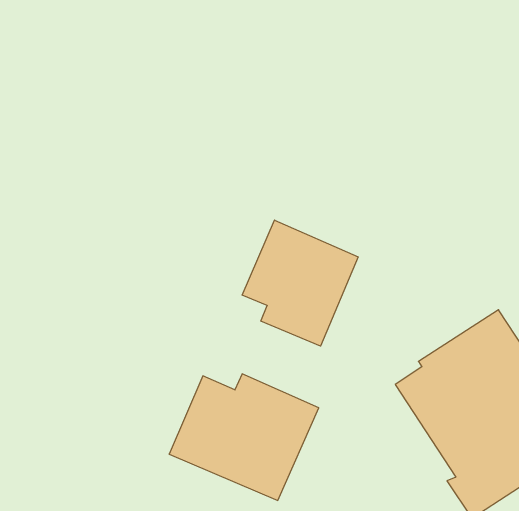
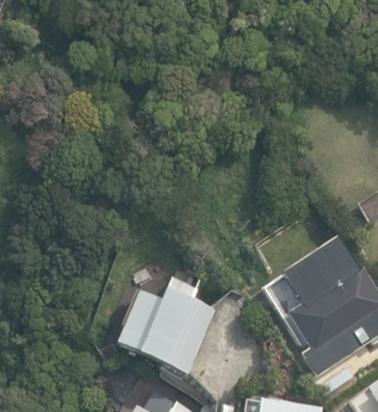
building: [242,220,358,346] -> none

